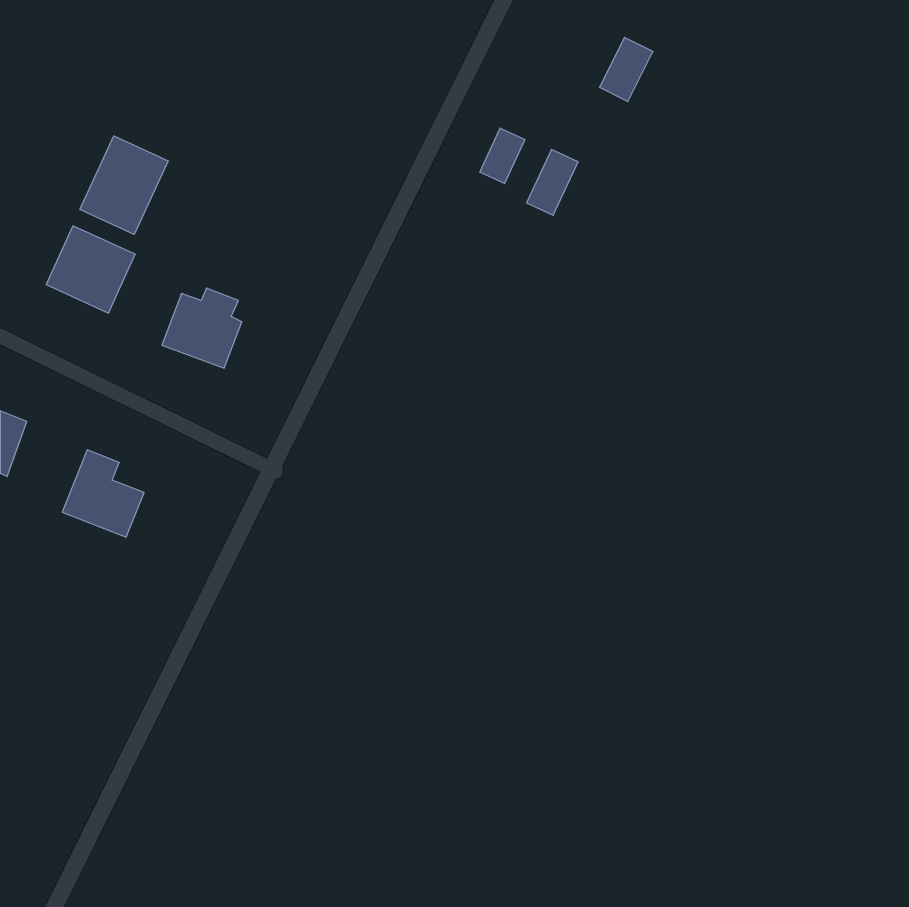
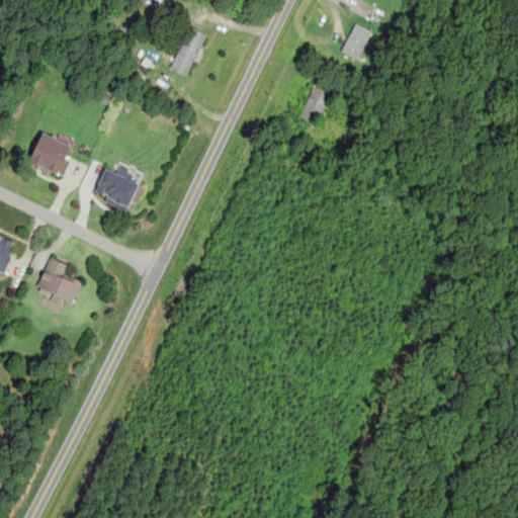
building: none -> [169,25,207,77]
building: [480,128,525,184] -> none
building: [80,136,168,234] -> none

